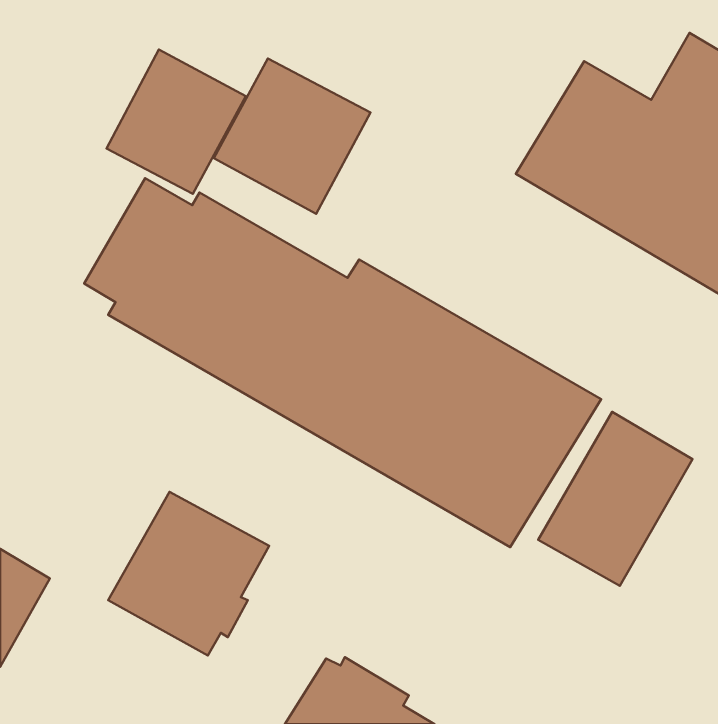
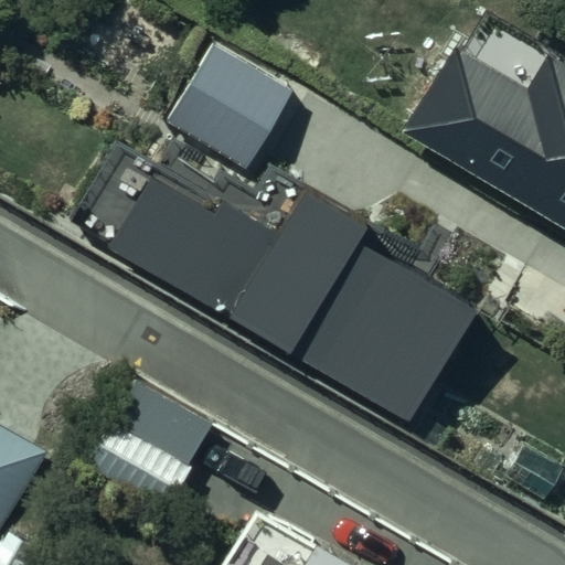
building: [107,49,246,194] -> none
building: [538,412,692,586] -> none

